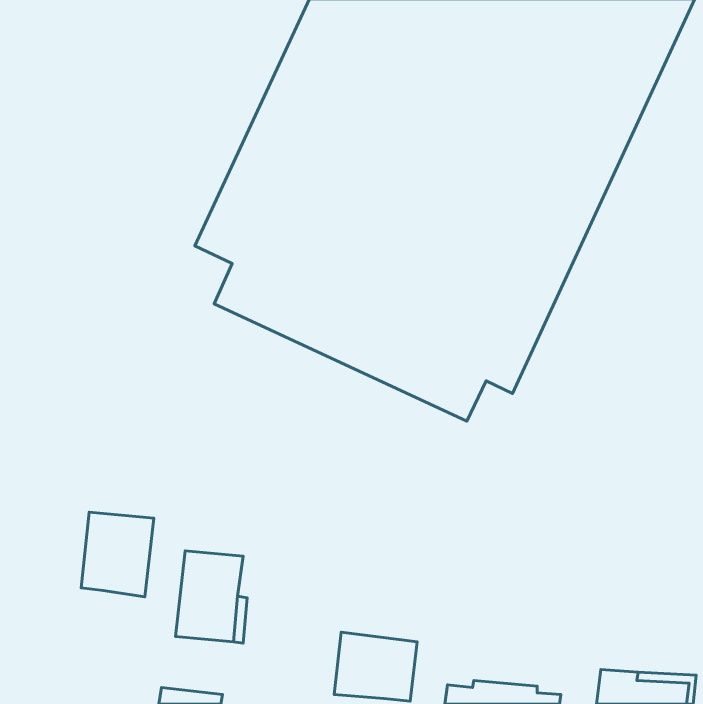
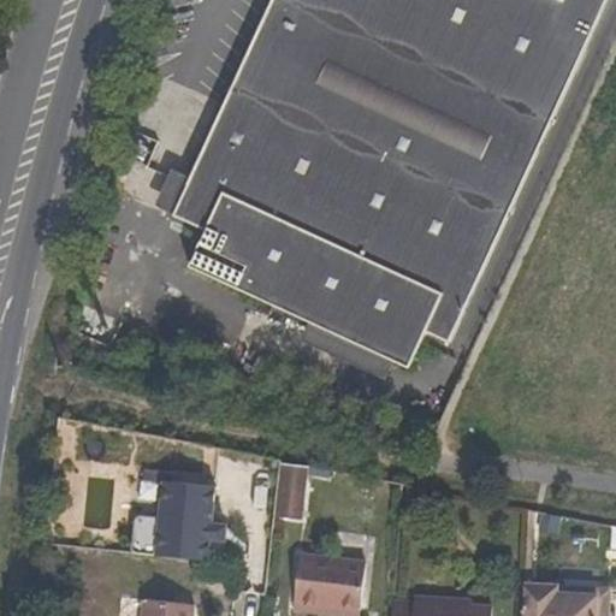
building: [81,512,154,597] -> none
building: none -> [274,463,309,519]

